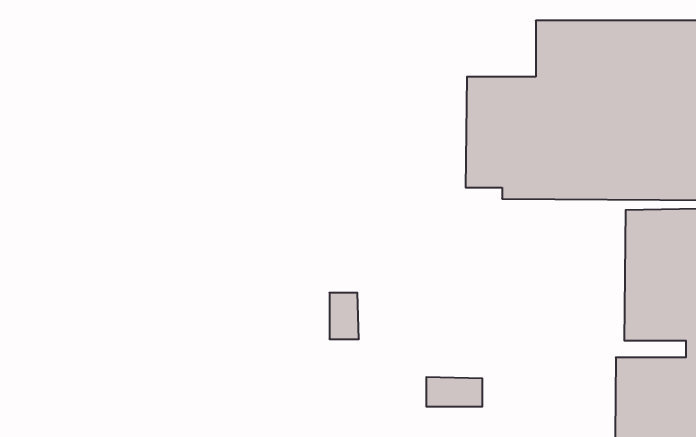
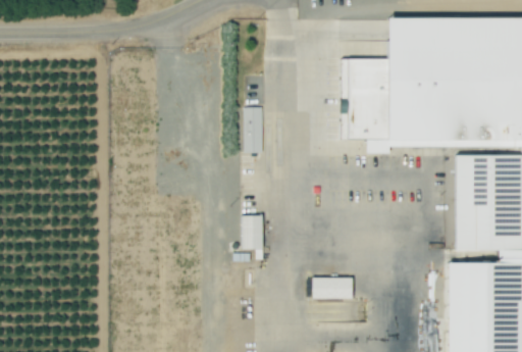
building: none -> [243,107,262,152]

